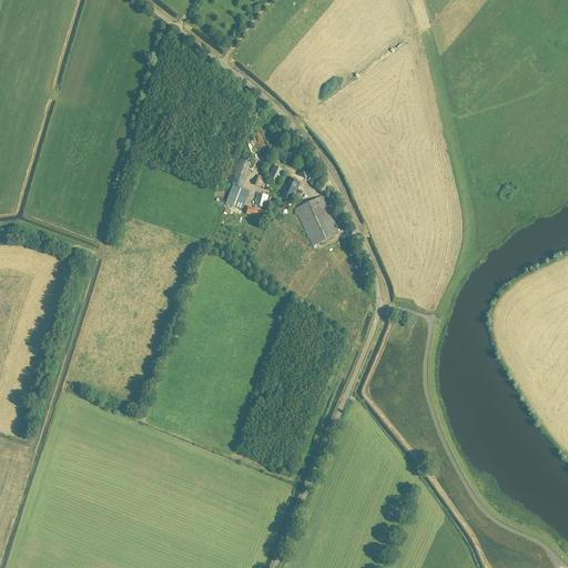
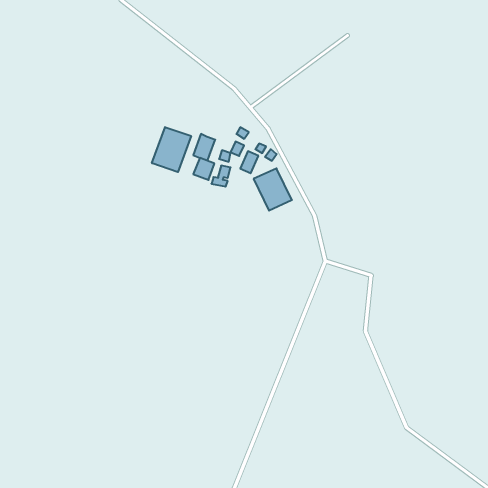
building: none -> [152,127,191,172]

